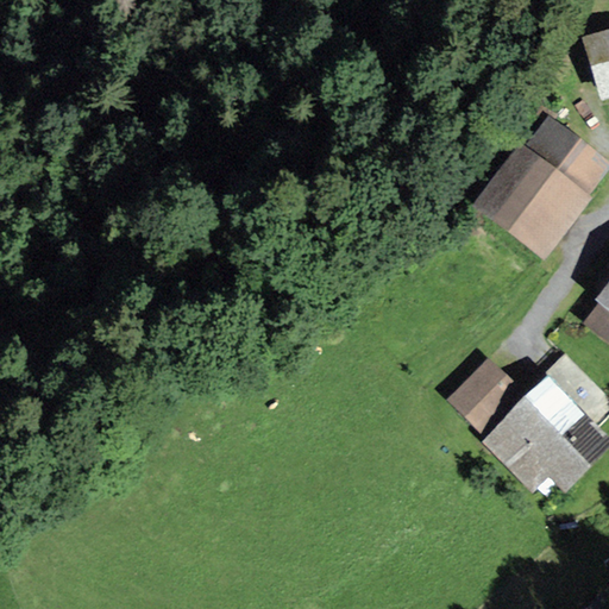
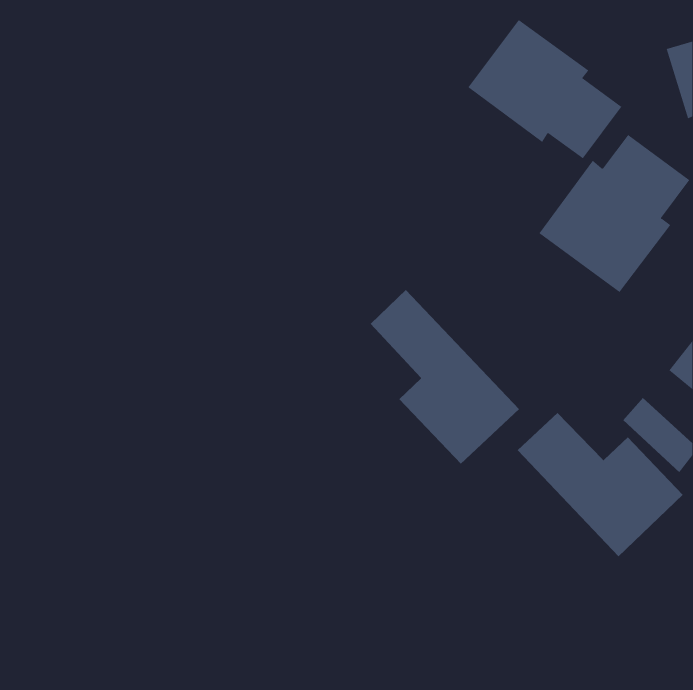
building: none -> [468,19,622,159]
building: none -> [370,289,520,465]

